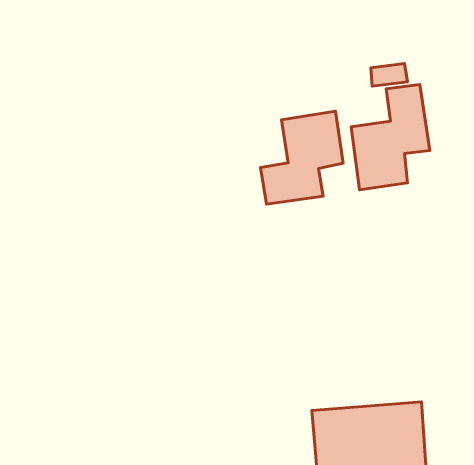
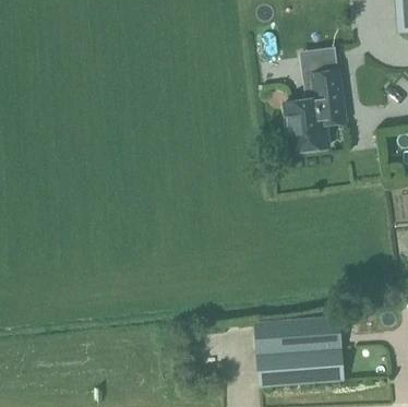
building: [261,111,343,204] -> none

